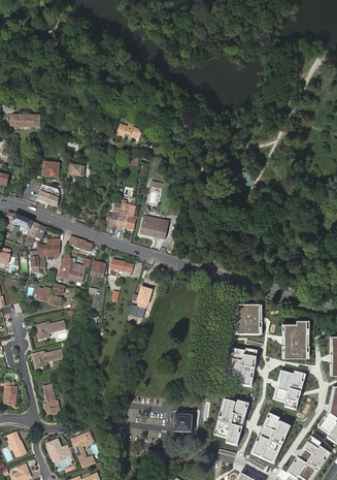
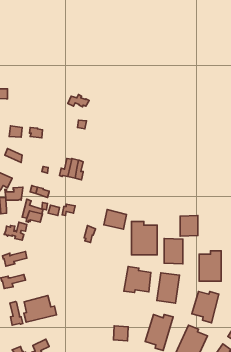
building: [139,215,168,239] -> [104,209,127,229]
building: none -> [180,215,198,236]
building: none -> [132,222,157,255]
building: none -> [124,267,151,293]
building: none -> [24,295,57,322]

